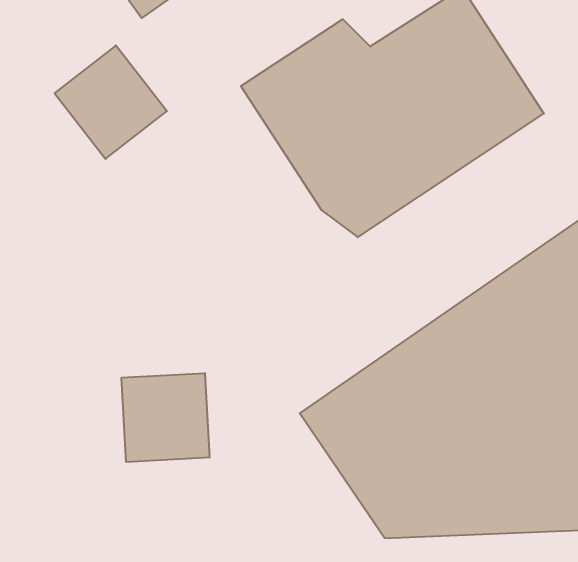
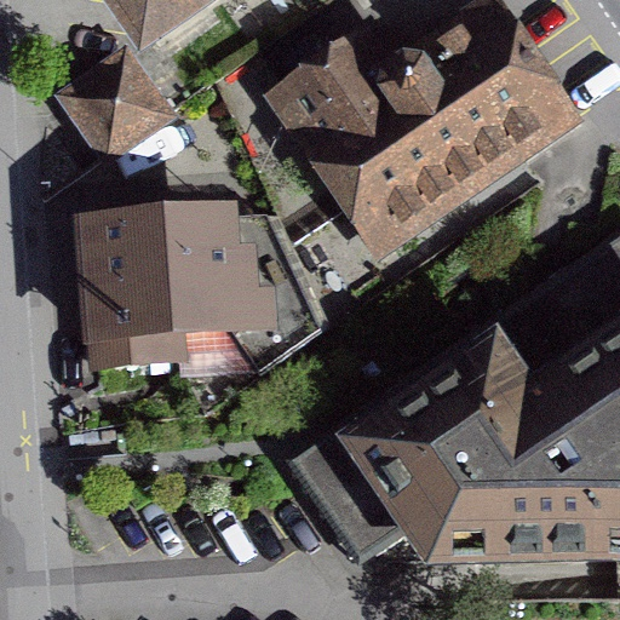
building: none -> [87,201,248,362]
building: [122,373,210,462] -> none

